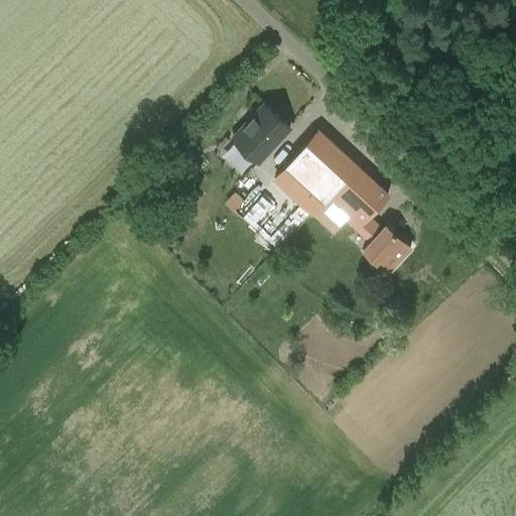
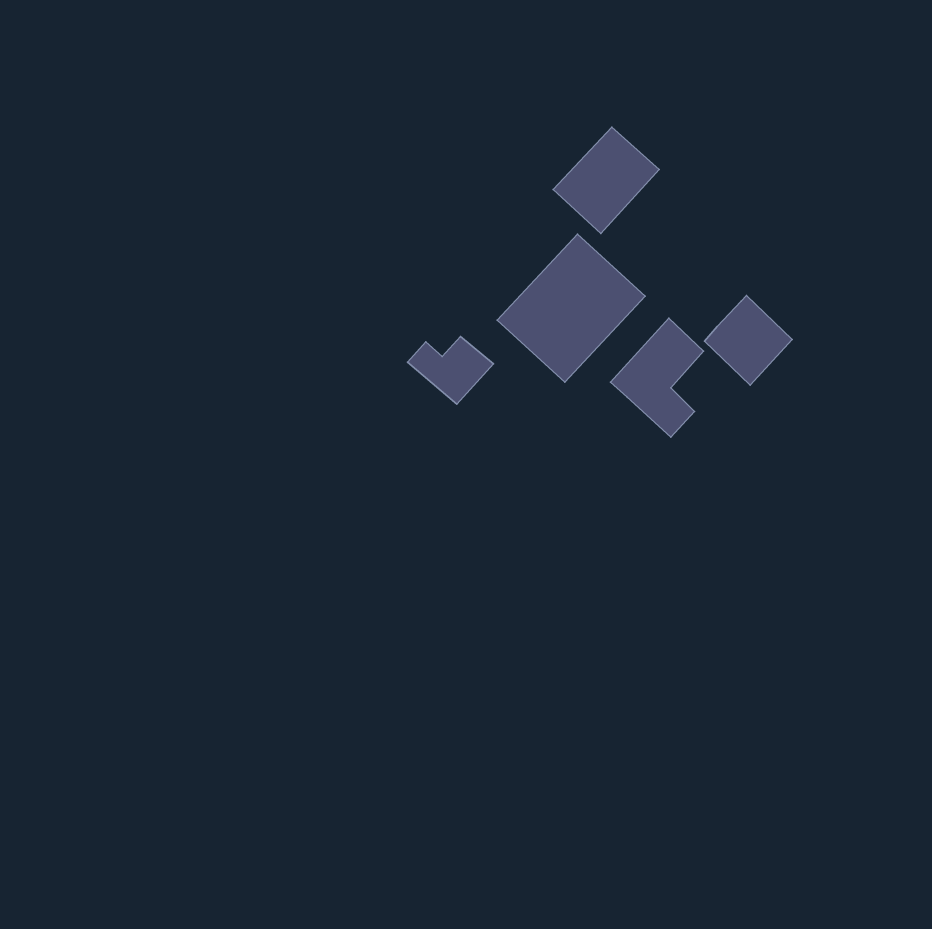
building: [233,106,291,164] -> [553,127,659,233]
building: [364,227,412,276] -> [705,296,792,385]

